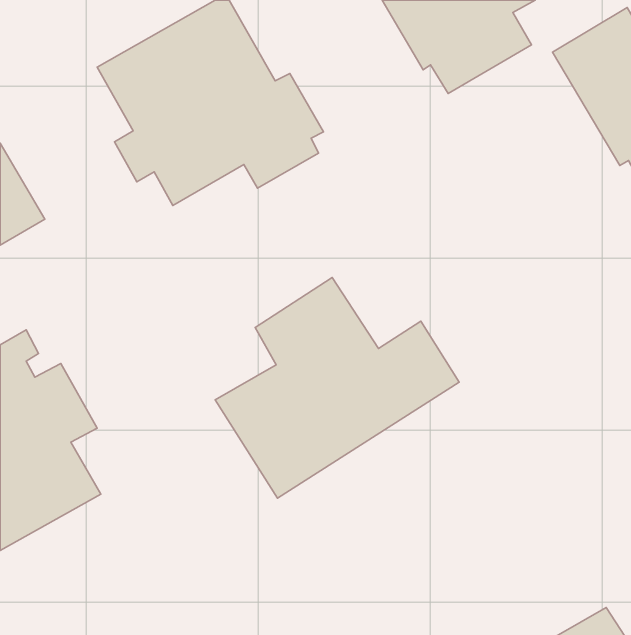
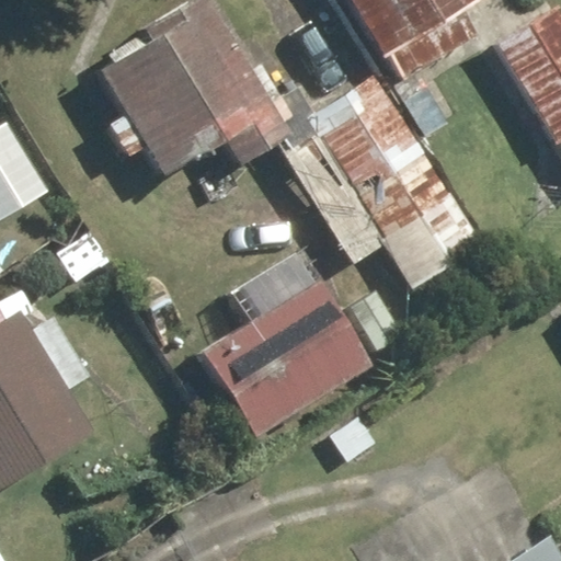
building: none -> [279,72,483,291]

